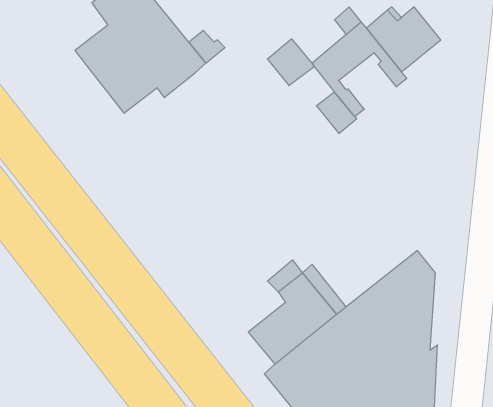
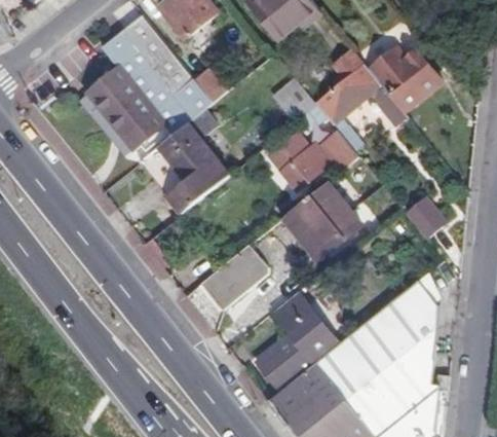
building: none -> [139,111,228,215]
building: none -> [272,141,320,190]
building: none -> [286,183,359,252]
building: none -> [405,193,452,241]
building: none -> [200,246,270,312]

